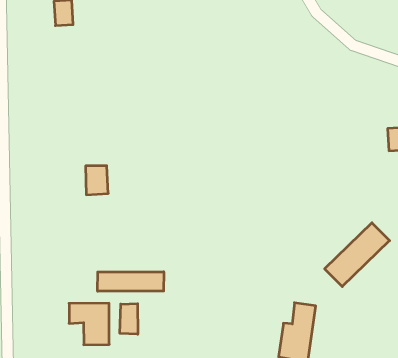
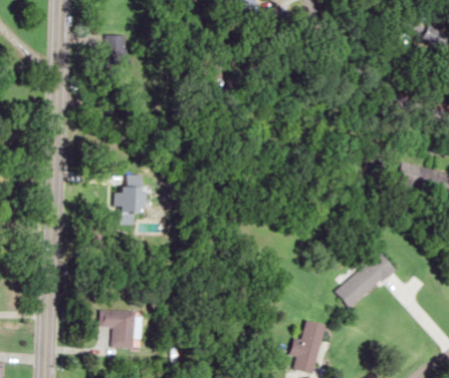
building: [98,272,164,291] -> none
building: [120,304,138,334] -> none

